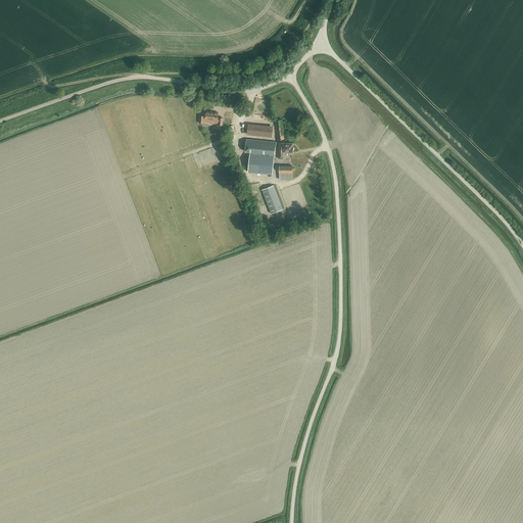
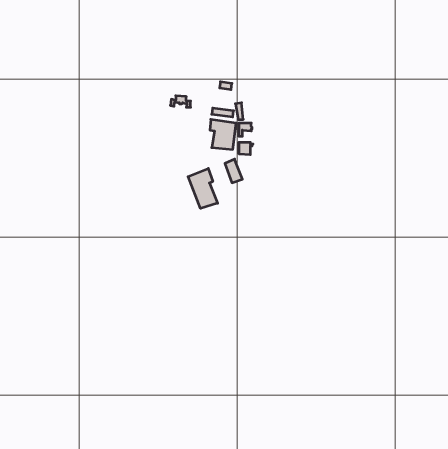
building: none -> [188,168,218,208]

